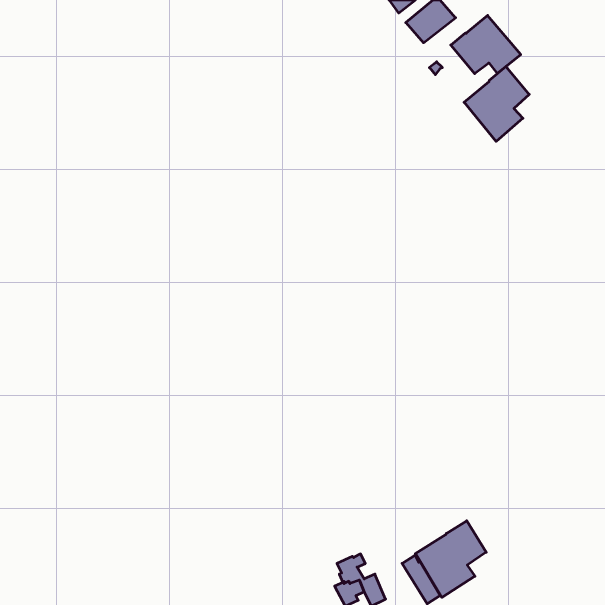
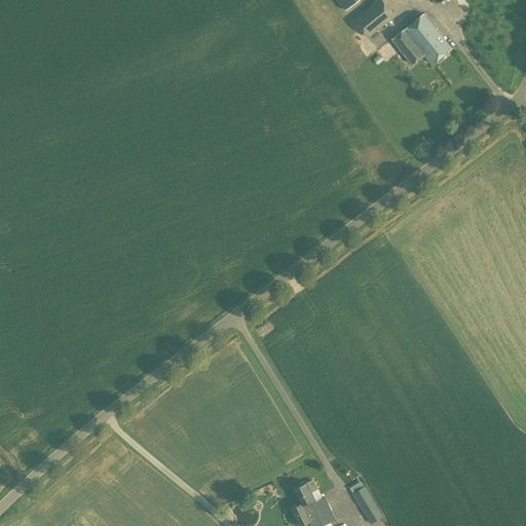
building: [464,66,529,141] -> none
building: [415,521,486,597] -> none

